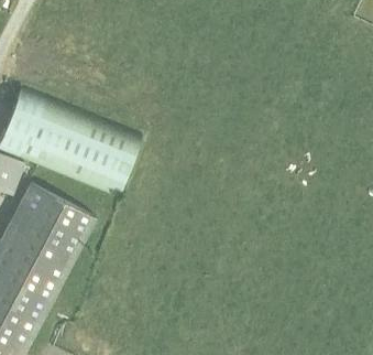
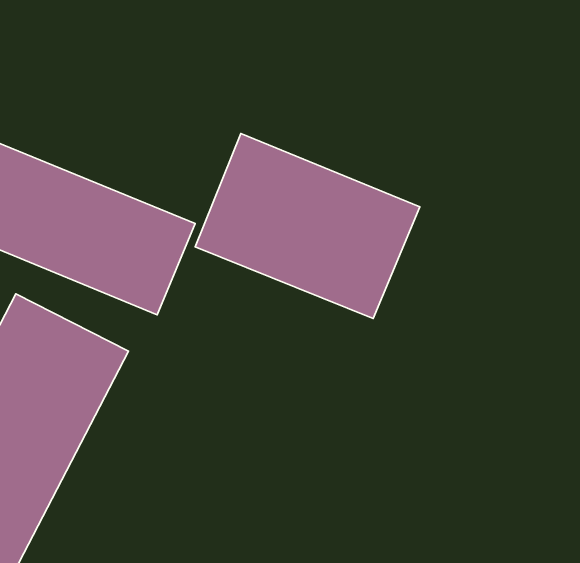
building: none -> [195,134,420,319]

